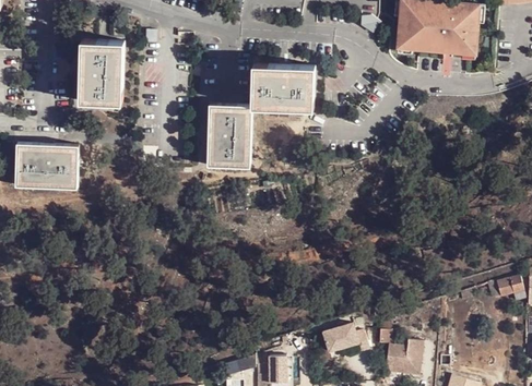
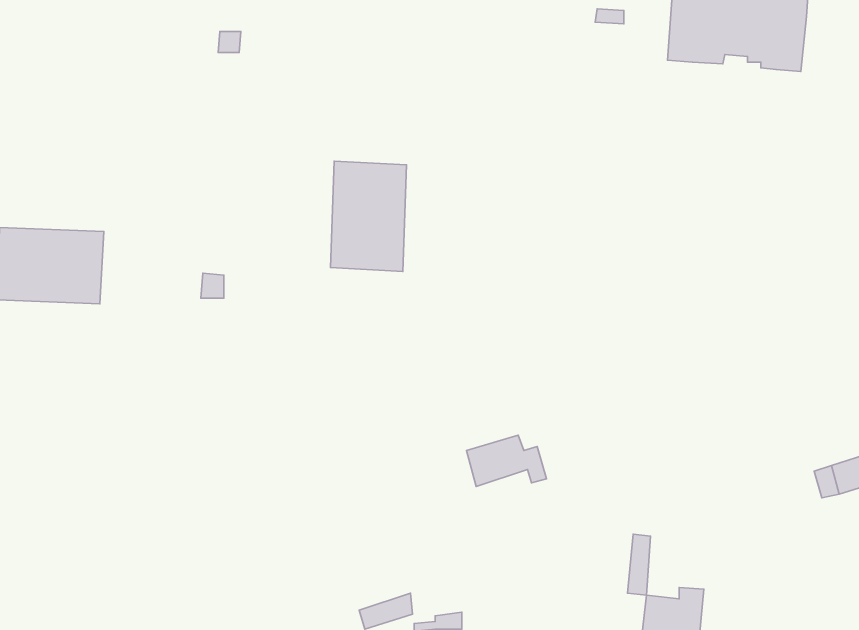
building: [80,41,125,104] -> none
building: [253,67,318,109] -> none
building: [319,324,365,353] -> [467,435,547,487]

